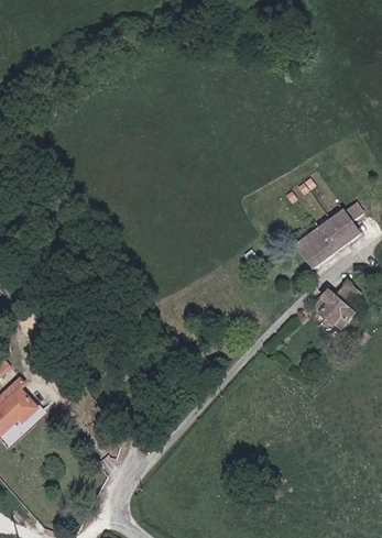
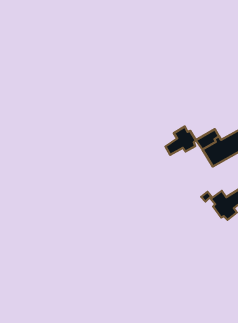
building: none -> [166,127,196,155]

